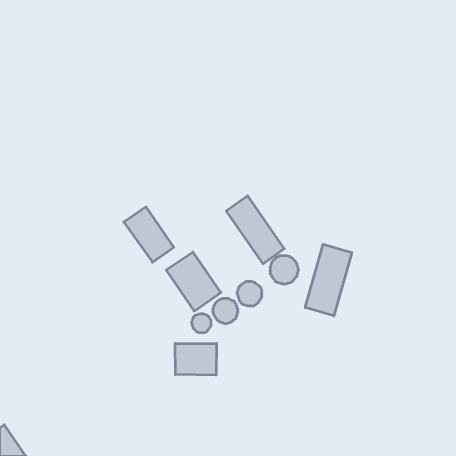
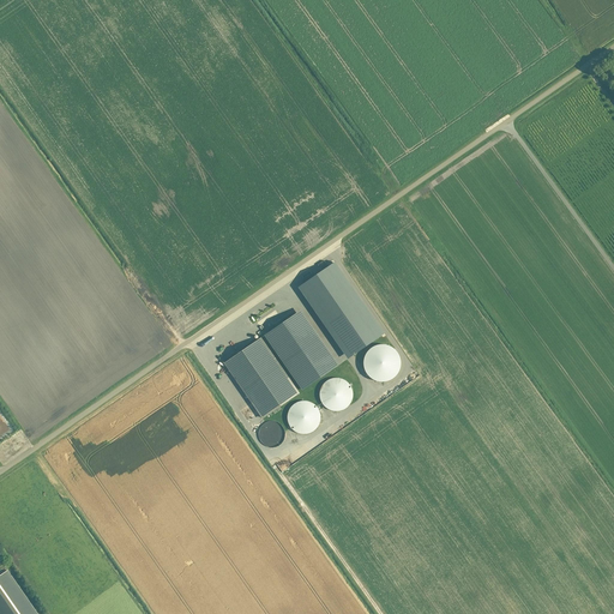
building: [124,207,174,262] -> [264,314,331,389]
building: [305,244,352,316] -> none
building: [175,343,217,375] -> none

